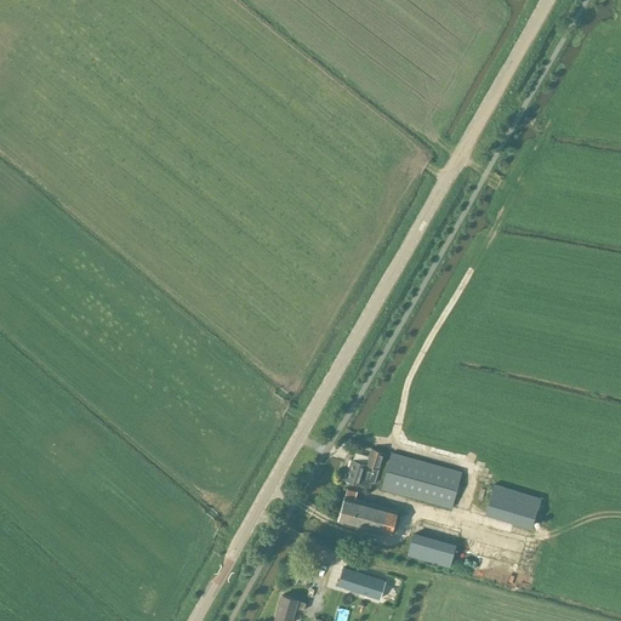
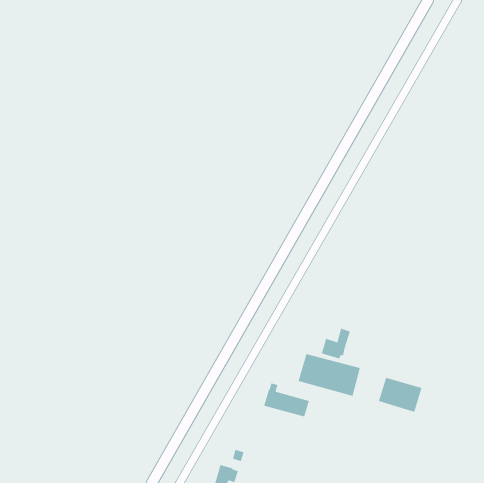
building: [346,448,384,489] -> [321,327,351,360]
building: [408,534,456,568] -> none
building: [337,568,386,600] -> none

